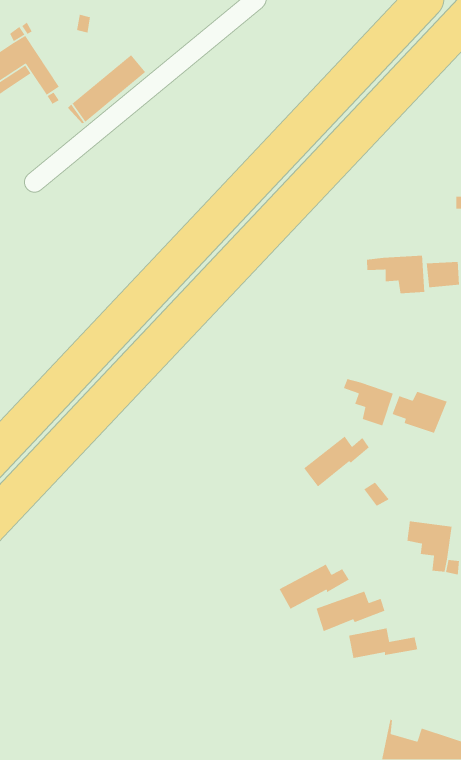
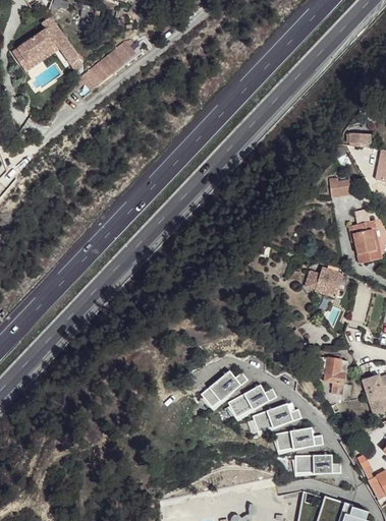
building: [366,255,425,294] -> none
building: [343,378,394,427] -> none
building: [303,435,370,488] -> [201,371,246,407]
building: none -> [294,455,340,473]

